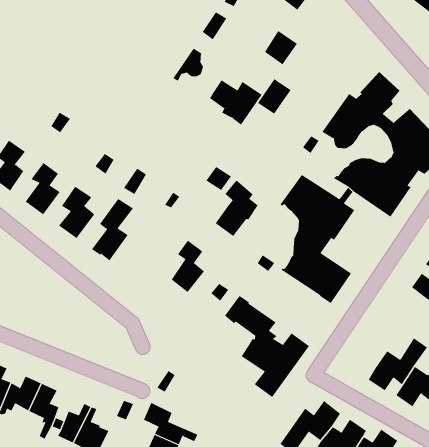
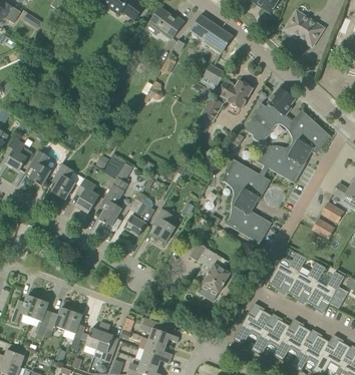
building: [209,79,262,125] -> [218,79,253,108]
building: [215,179,259,237] -> [124,198,152,236]
building: none -> [268,252,307,289]

